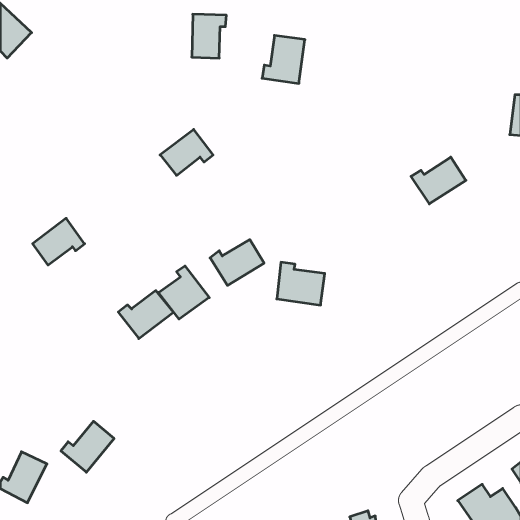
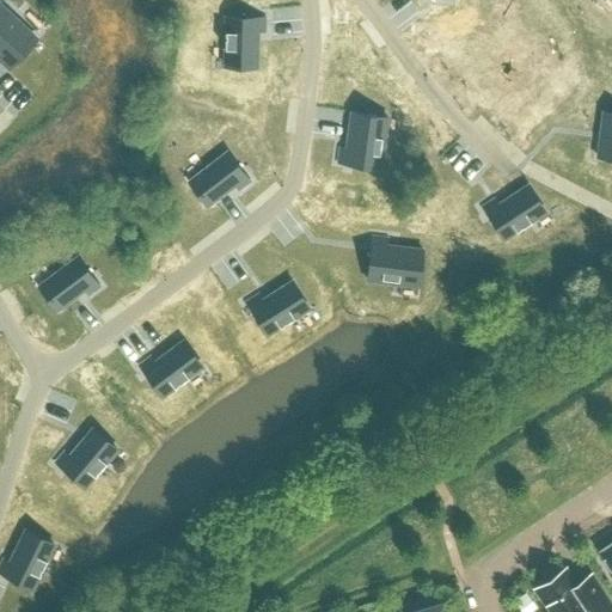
building: [262,35,305,83] -> [338,114,388,170]
building: [277,262,325,305] -> [368,238,424,288]
building: [159,266,209,319] -> none
building: [61,421,114,472] -> [56,429,118,489]

